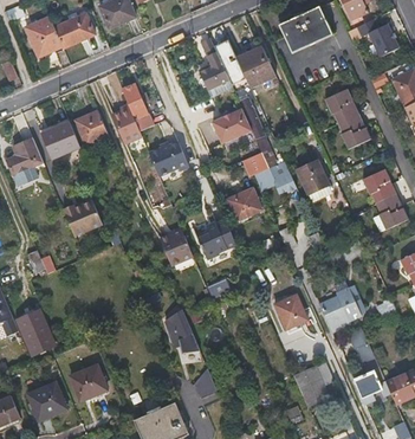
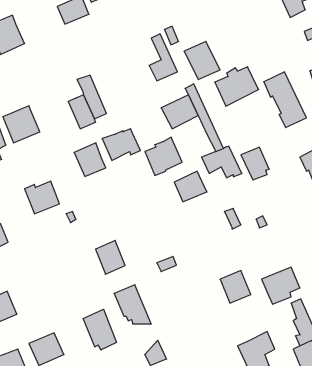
building: [279,8,326,51] -> [215,67,259,106]
building: [54,15,93,49] -> none
building: [74,108,109,144] -> [74,143,106,177]
building: [195,218,235,259] -> [145,137,182,175]
building: [160,226,192,263] -> [96,240,125,274]
building: none -> [83,309,116,350]

